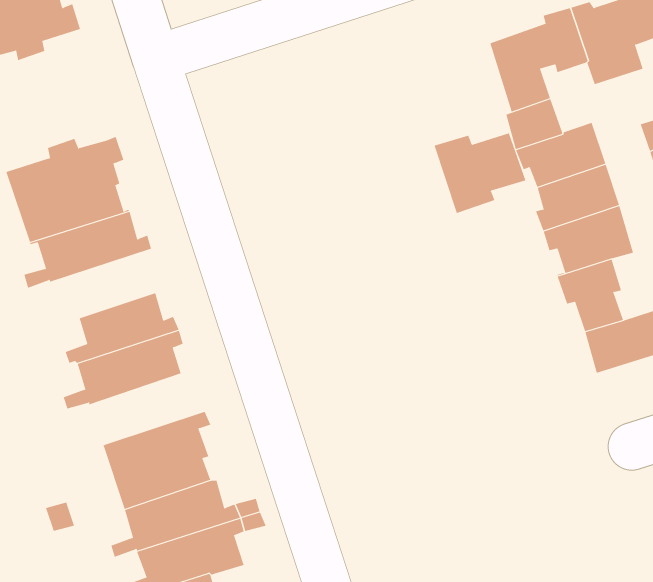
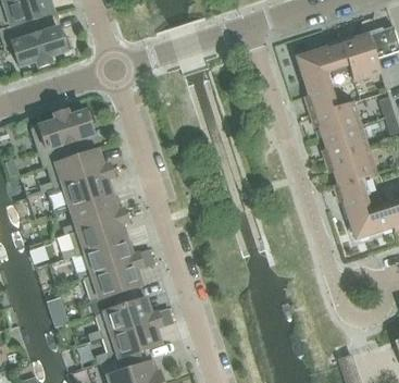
building: [434,132,526,214] -> none
building: none -> [54,170,114,211]
building: none -> [76,238,140,277]

